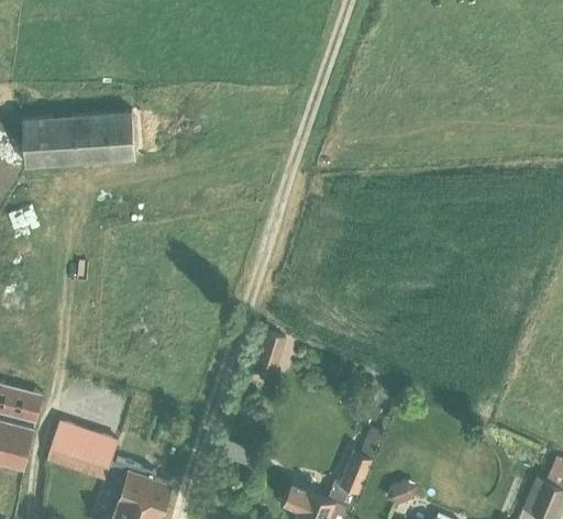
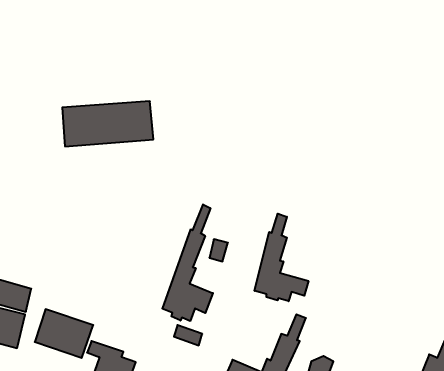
building: [22,112,135,168] -> [62,101,153,146]
building: none -> [162,204,213,321]
building: none -> [255,214,308,301]

